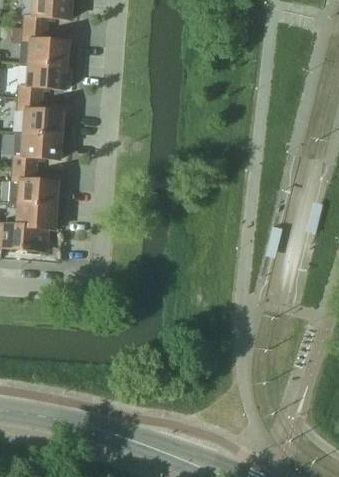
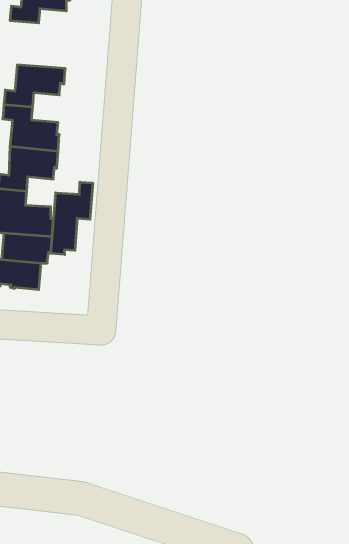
building: [21,27,70,67] -> none
building: none -> [51,182,93,255]

